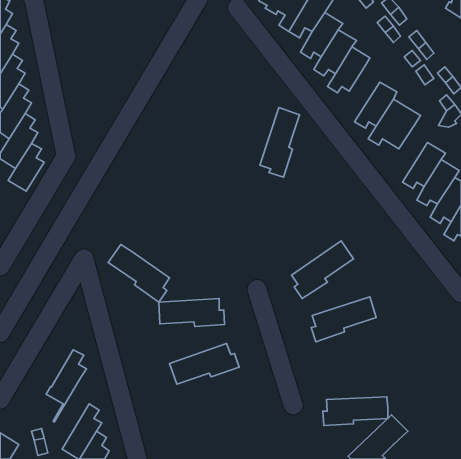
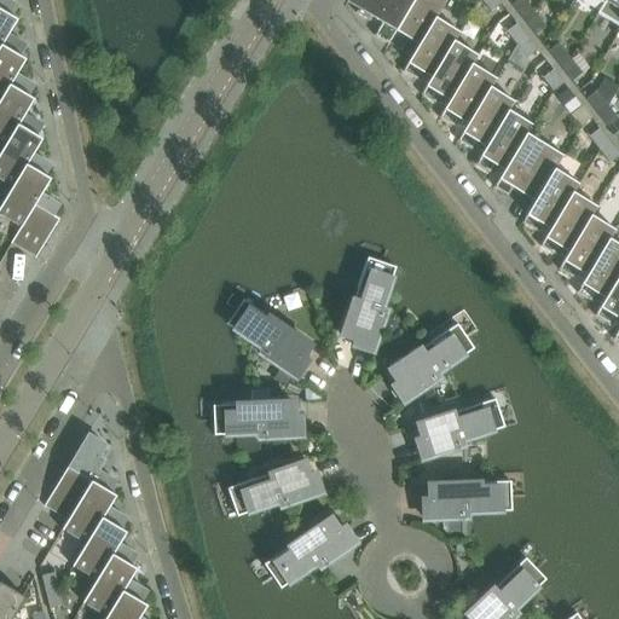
building: none -> [457,86,514,149]
building: [260,108,300,177] -> [342,256,395,349]
building: none -> [521,168,579,230]
building: [108,244,170,302] -> [227,299,310,376]
building: none -> [44,432,105,519]
building: none -> [73,505,126,602]
building: none -> [264,517,355,588]
building: [323,397,388,426] -> [424,480,511,519]

